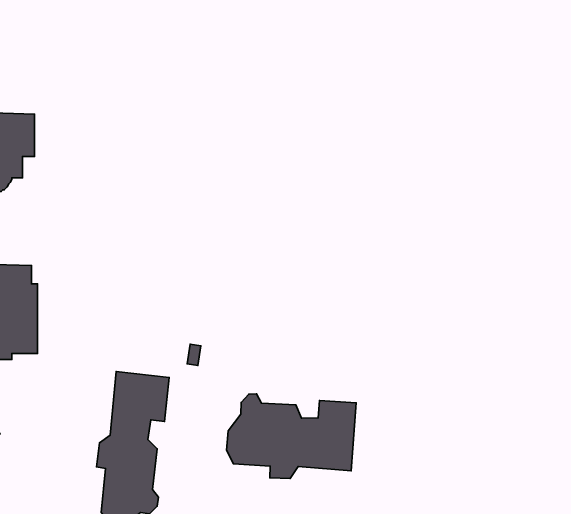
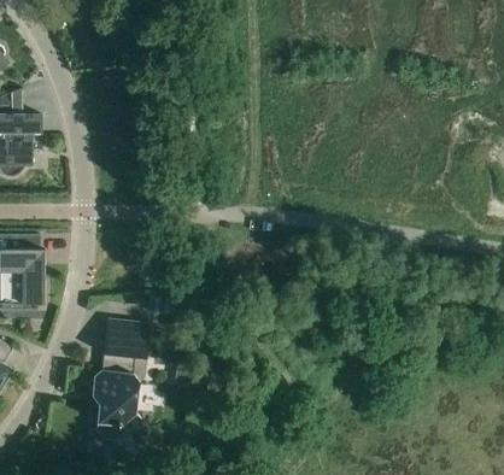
building: [227,394,356,479] -> none

